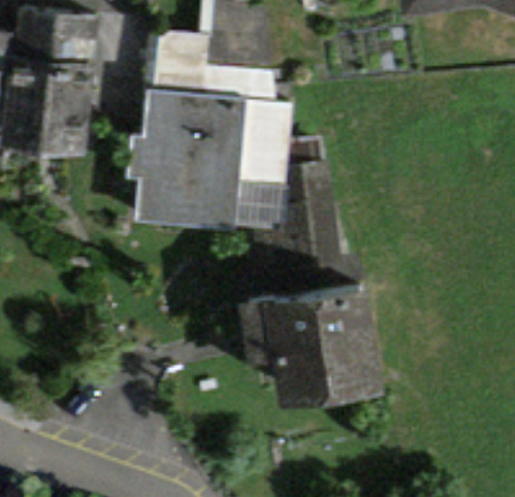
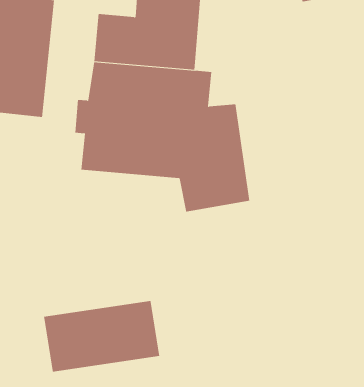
building: [242,289,383,408] -> none
building: none -> [44,300,160,373]

